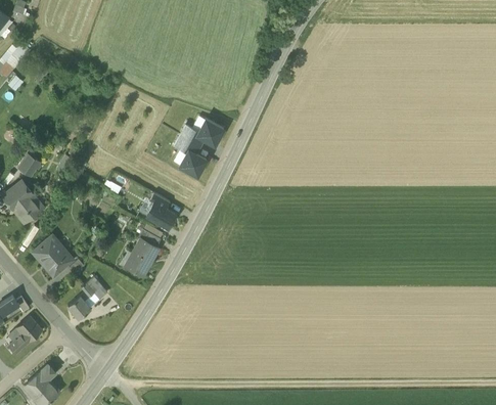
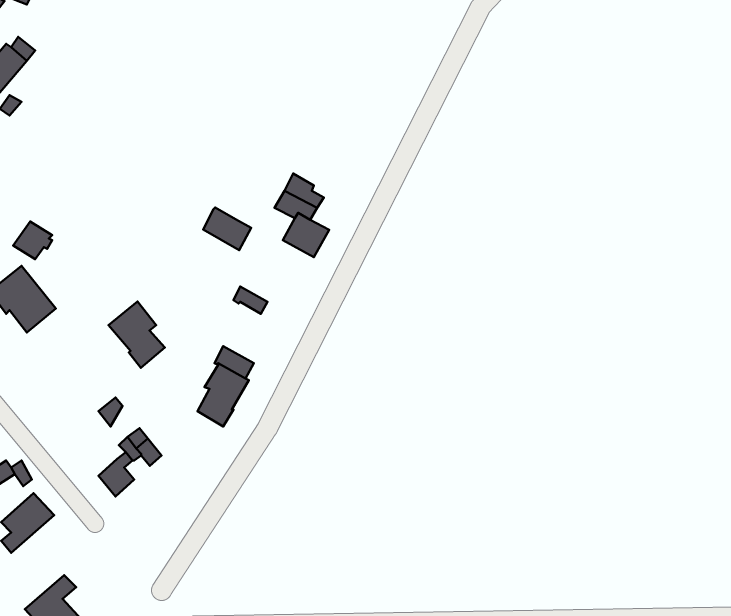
building: [195,119,222,145] -> none
building: [145,201,174,227] -> [203,207,251,250]
building: [33,236,66,276] -> [108,301,165,368]

